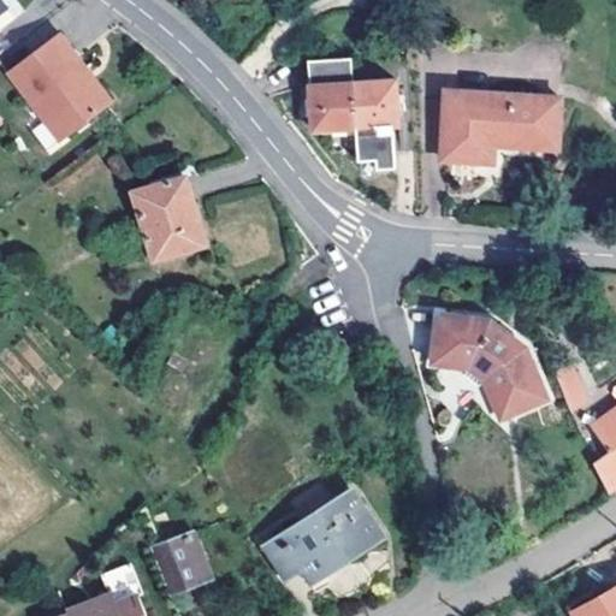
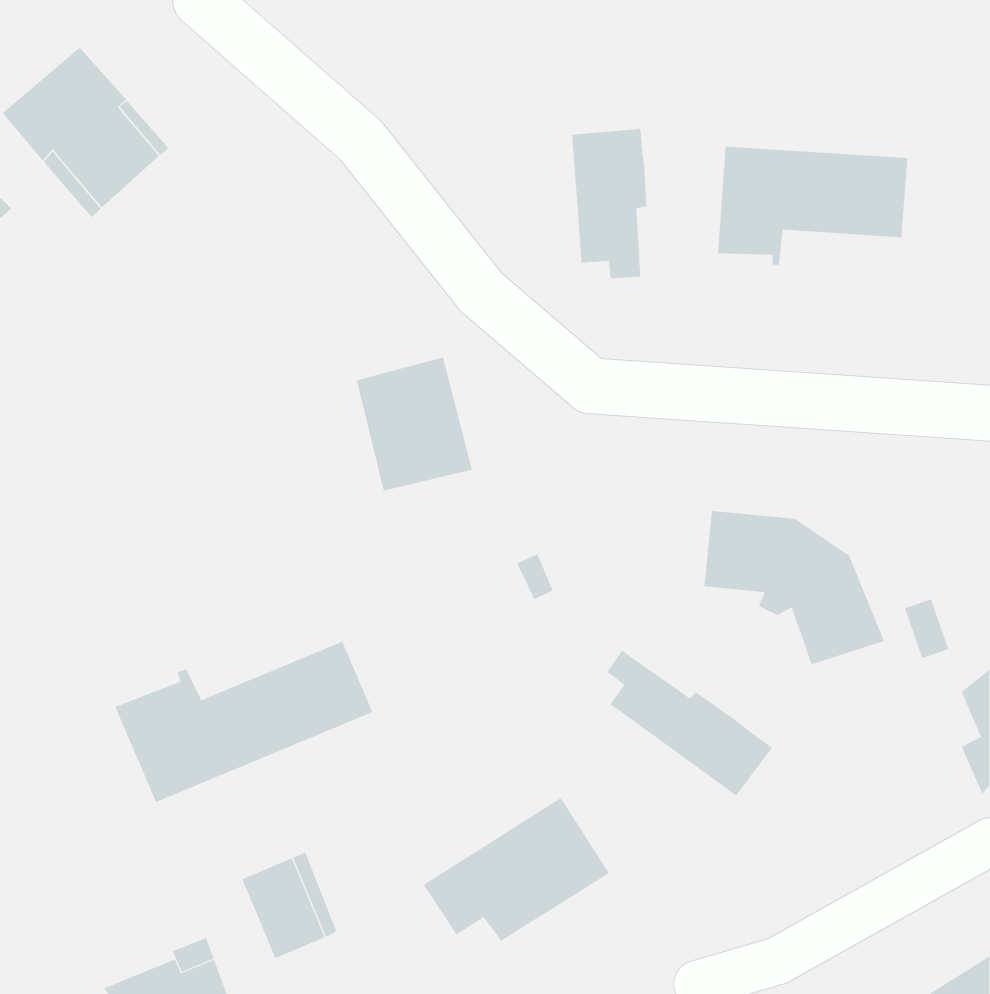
building: [307,58,356,132] -> none
building: [138,174,211,257] -> [356,357,473,491]
building: none -> [115,641,373,803]
building: none -> [606,650,773,797]

